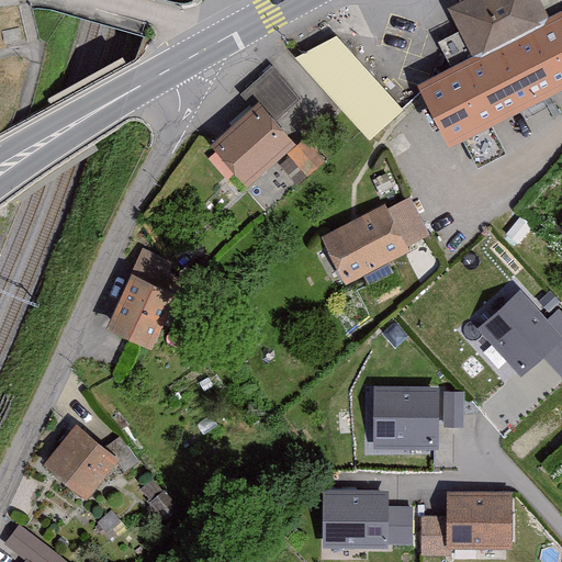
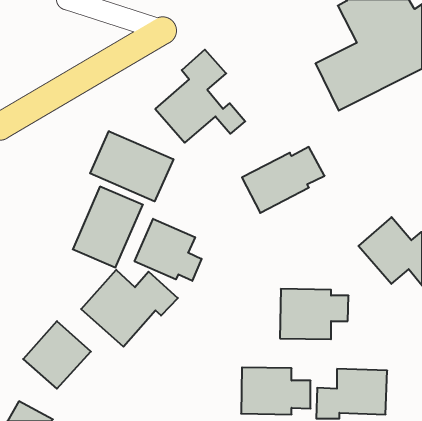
building: [295,35,404,139] -> none
building: none -> [90,131,173,201]
building: none -> [135,219,202,281]
building: none -> [81,270,178,347]

